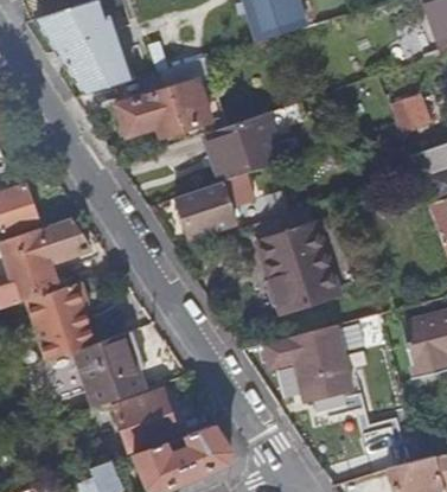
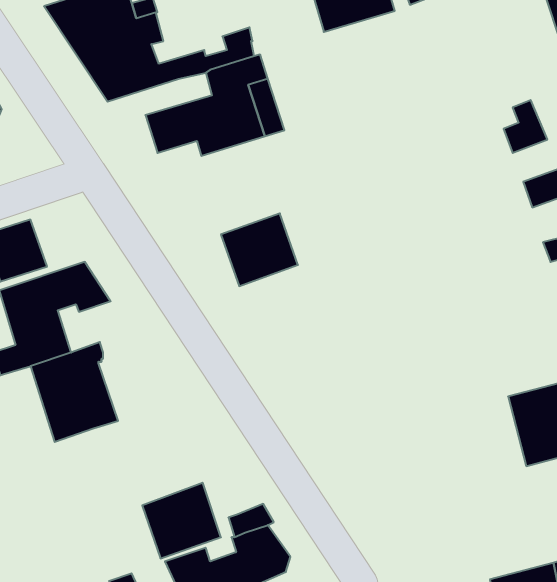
building: [206,113,283,181] -> none
building: [240,209,356,313] -> none
building: [263,325,353,401] -> none
building: [76,334,143,408] -> none

